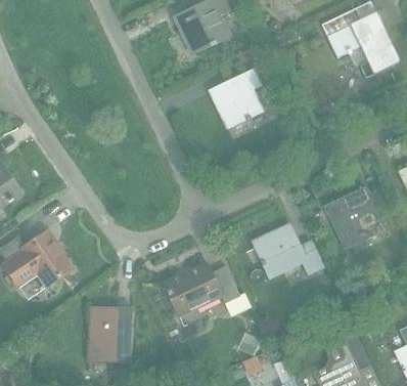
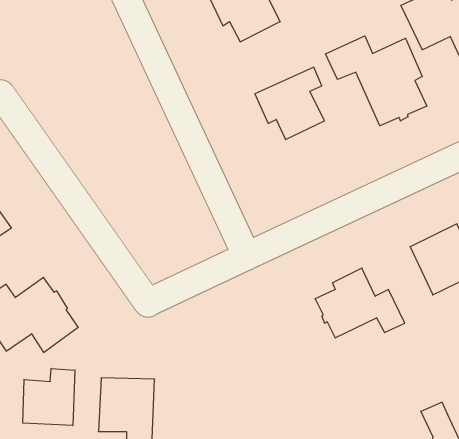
building: none -> [326,36,427,126]
building: [165,262,242,314] -> none
building: none -> [23,368,75,426]

